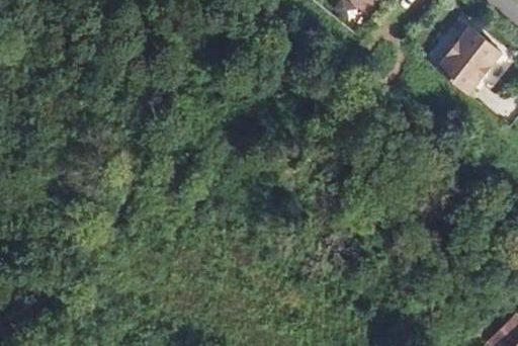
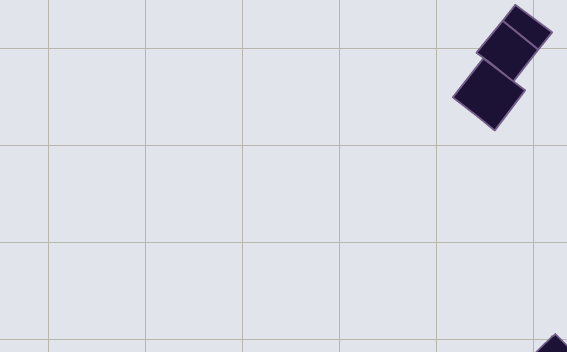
building: none -> [453,59,525,130]

